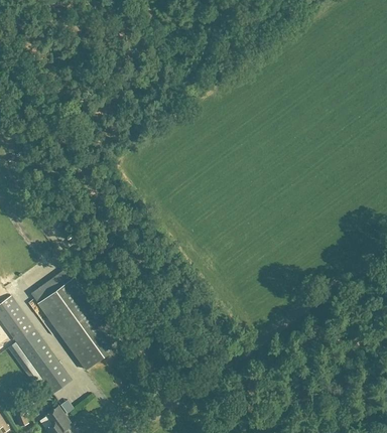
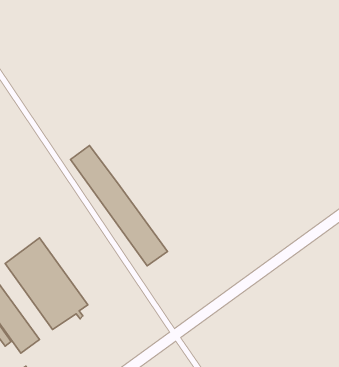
building: none -> [71,145,168,266]

